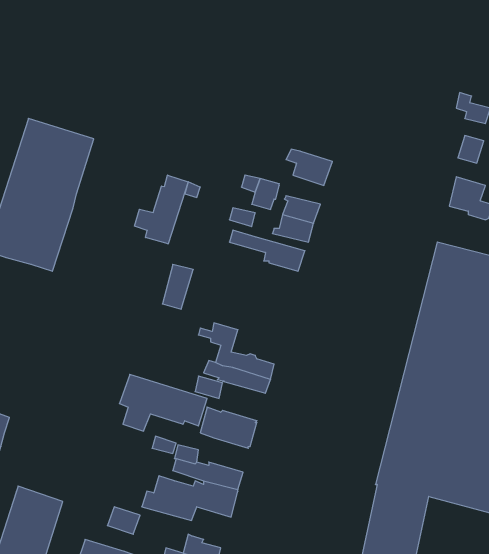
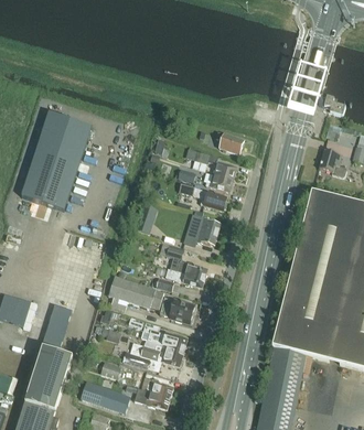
building: [134,175,188,244] -> none
building: none -> [178,216,220,245]
building: none -> [44,303,71,343]

